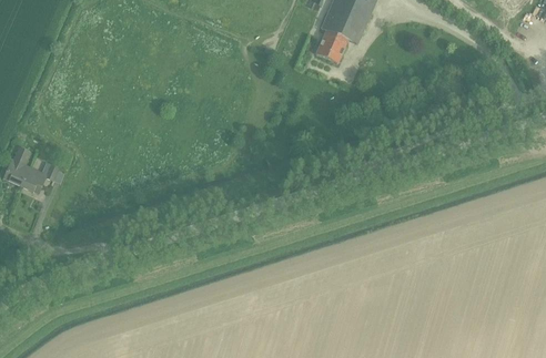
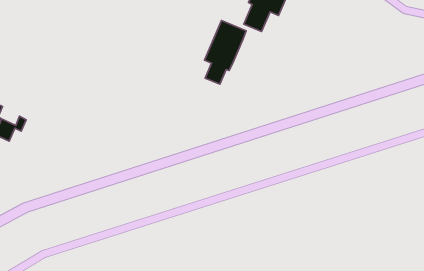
building: none -> [205,21,246,84]

